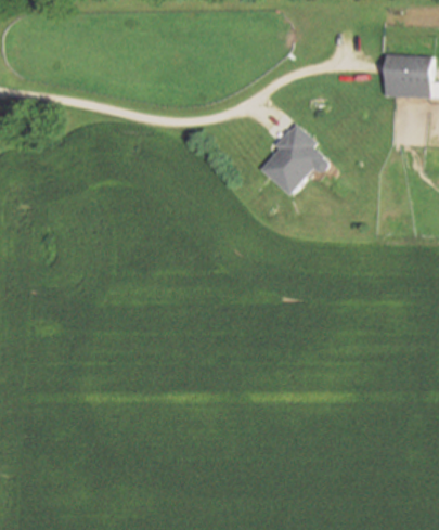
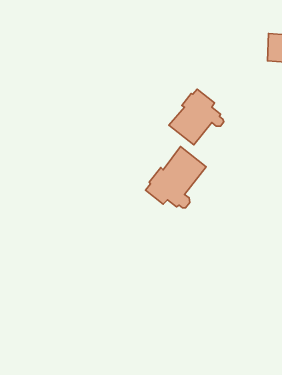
building: none -> [145,146,206,208]

